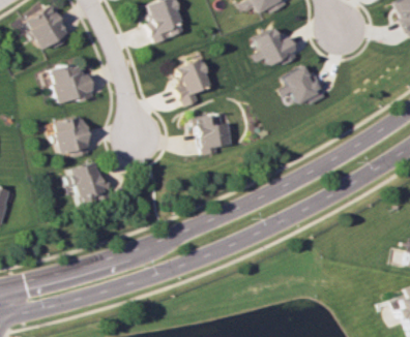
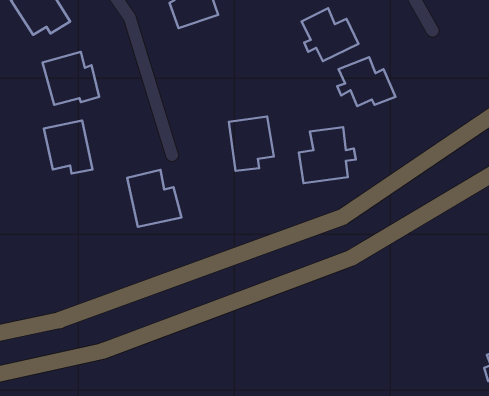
building: [173,56,212,105] -> none
building: none -> [299,127,356,183]
building: [68,161,111,206] -> [127,170,182,227]

